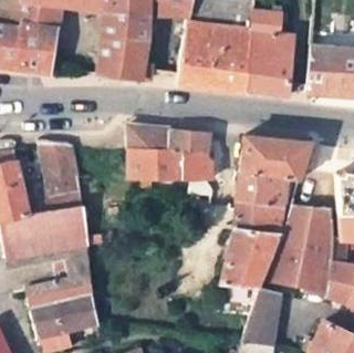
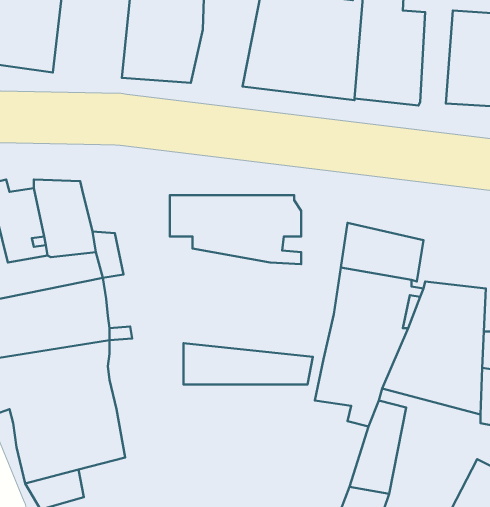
building: [128,125,211,152] -> [183,343,313,385]
building: [242,136,313,181] -> none

